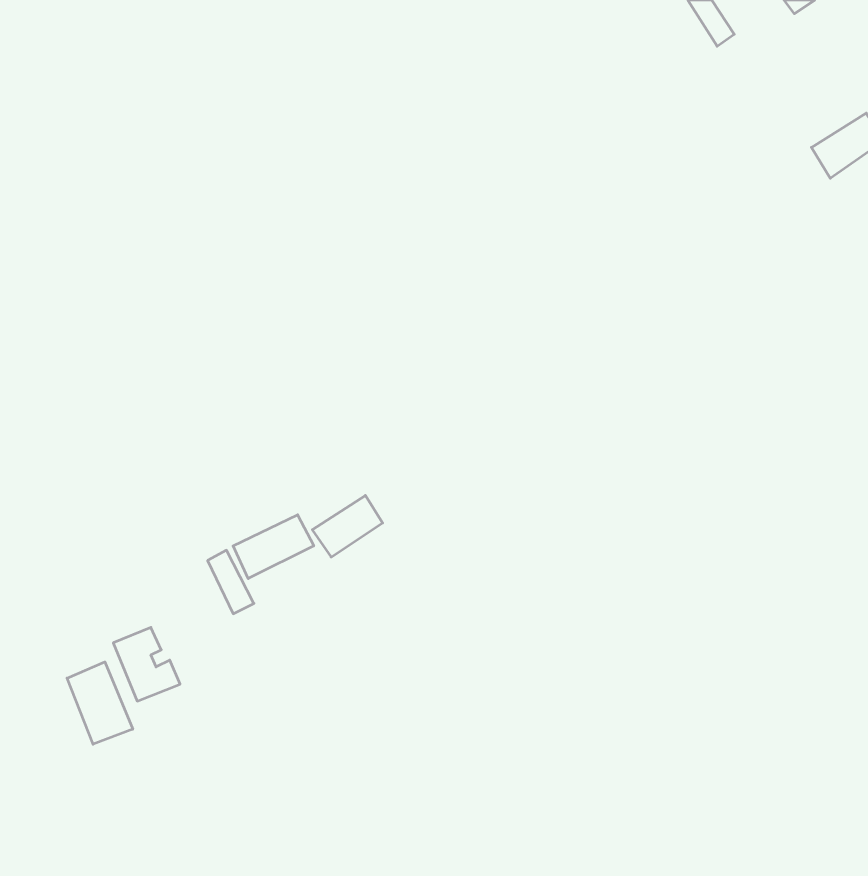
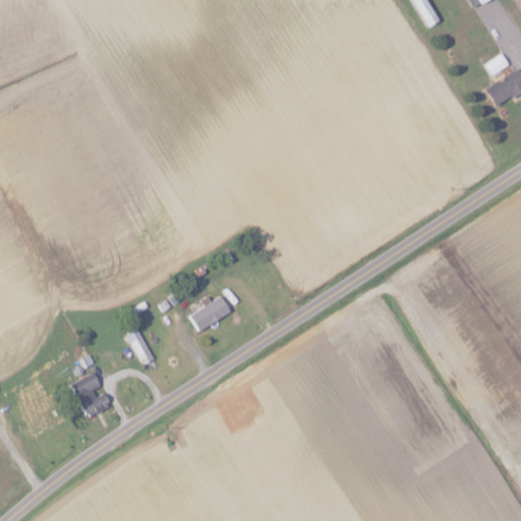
building: [233,515,314,579] -> none
building: [67,662,133,744] -> none

